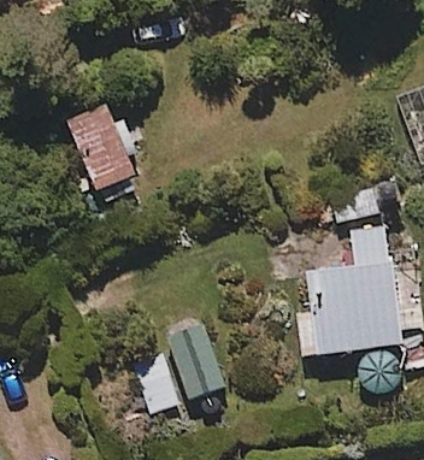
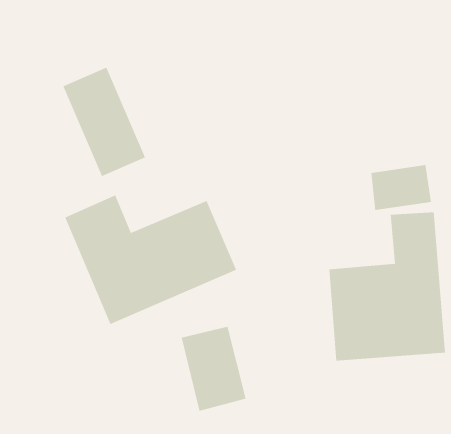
building: none -> [65,195,237,325]

